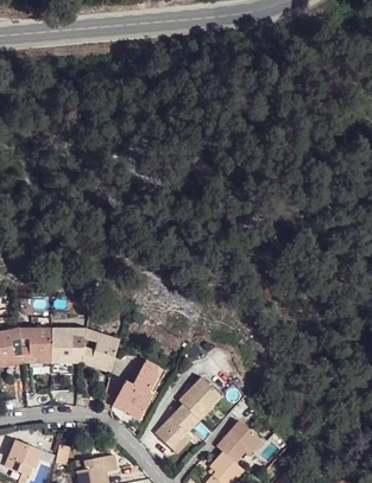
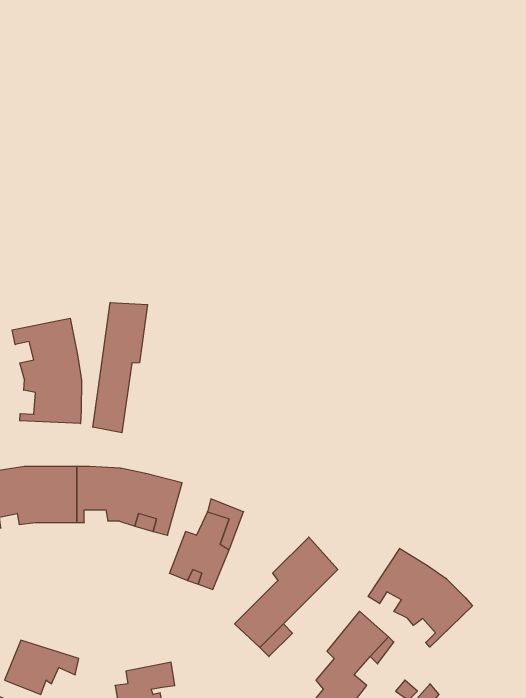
building: none -> [93,302,148,433]
building: none -> [12,318,81,424]
building: none -> [368,548,473,647]

